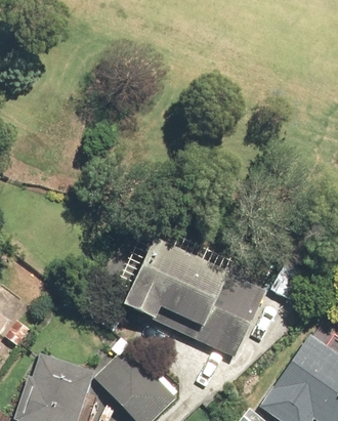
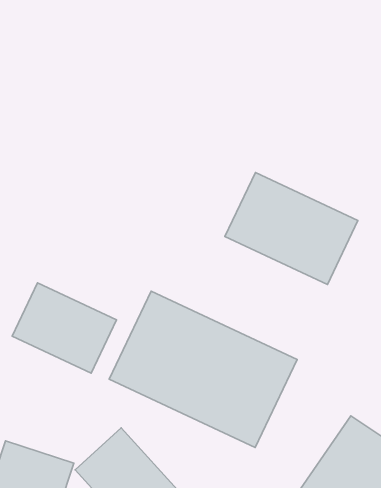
building: none -> [225,172,358,284]
building: none -> [12,283,117,373]

